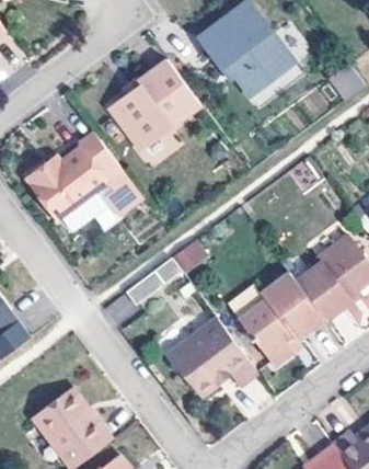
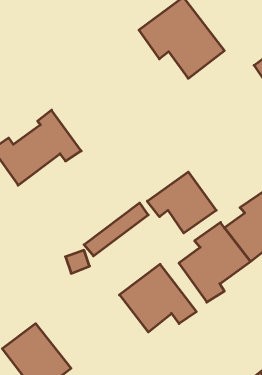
building: [106,61,197,155] -> none
building: none -> [147,172,216,233]

